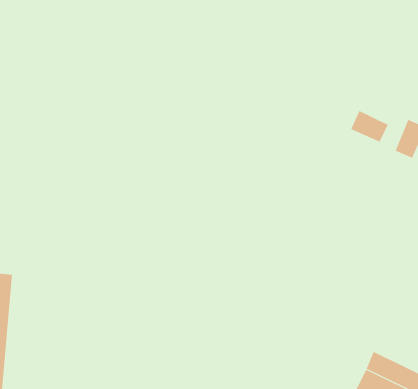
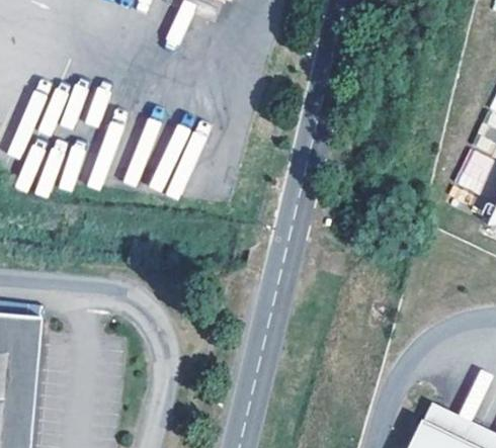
building: [350,110,389,143] -> none

